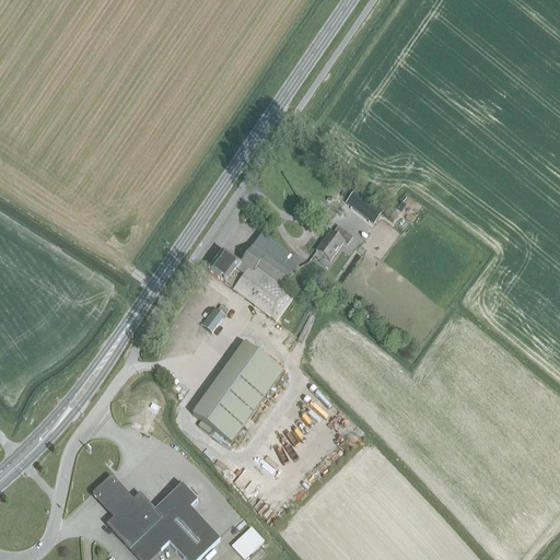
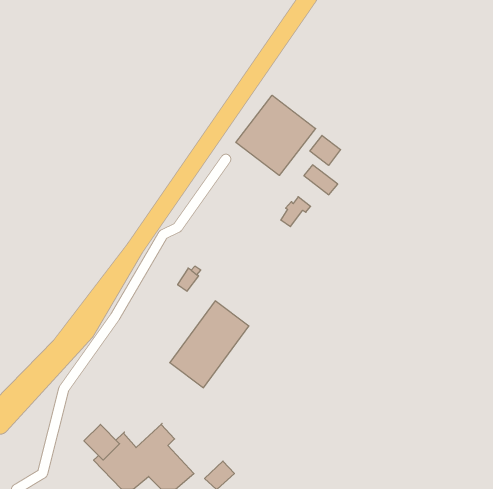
building: none -> [236,95,316,175]
building: none -> [310,135,341,165]
building: [207,233,298,317] -> none

